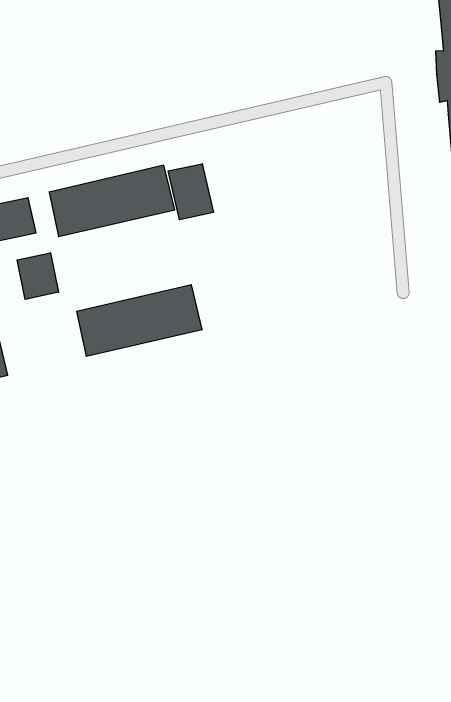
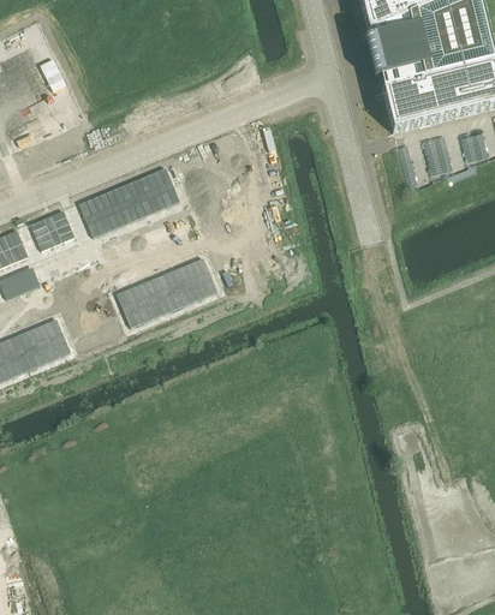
building: [168,164,213,220] -> none
building: [17,253,59,299] -> none

